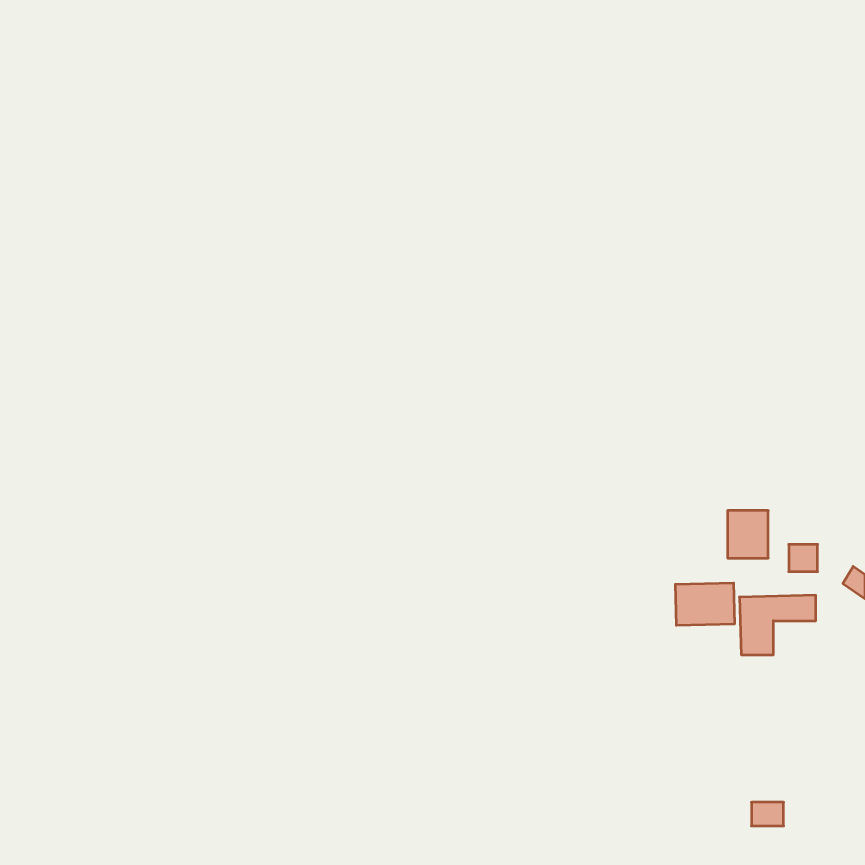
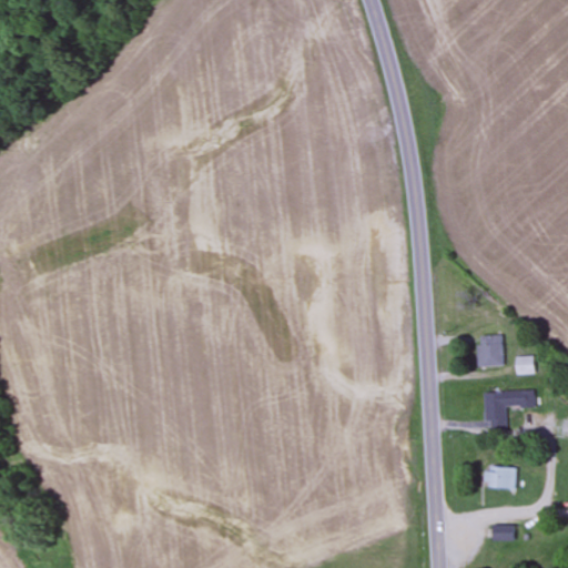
building: [675,583,734,625] -> none
building: none -> [485,465,516,489]

